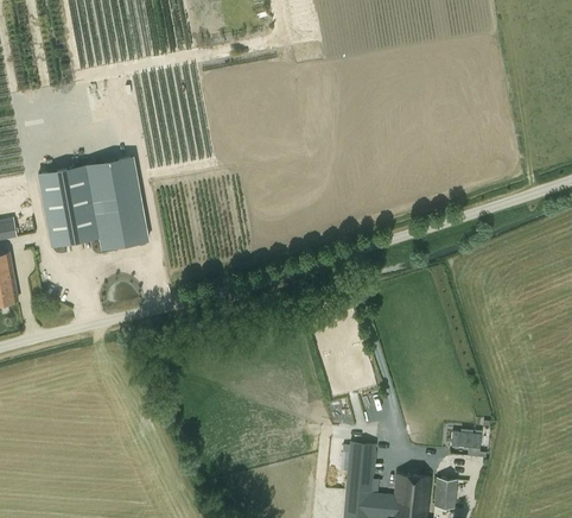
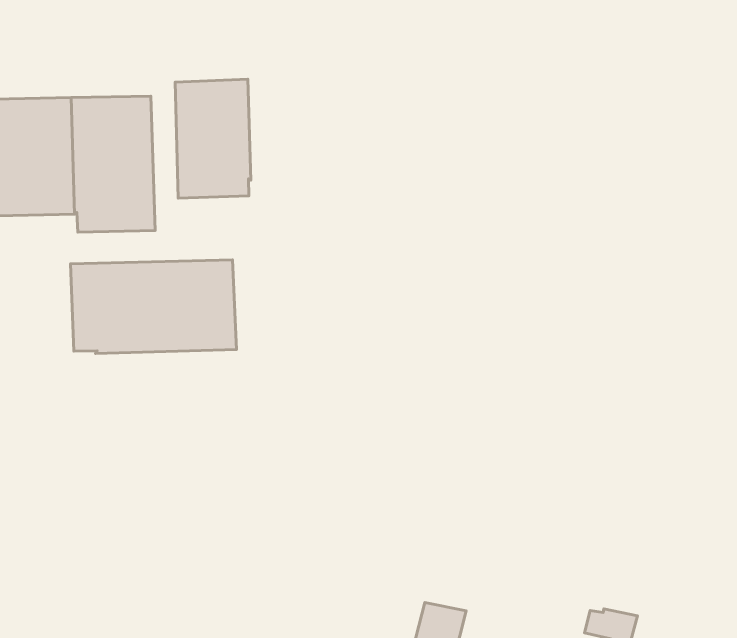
building: none -> [175,79,251,198]
building: none -> [70,260,236,354]

